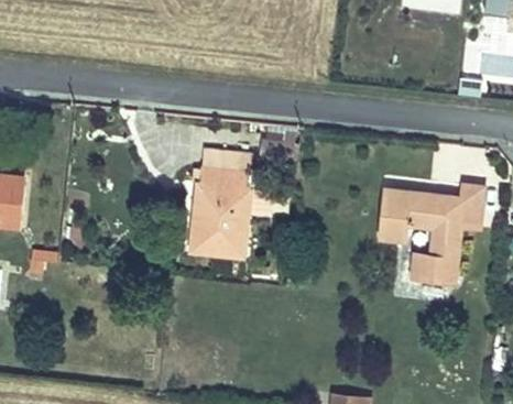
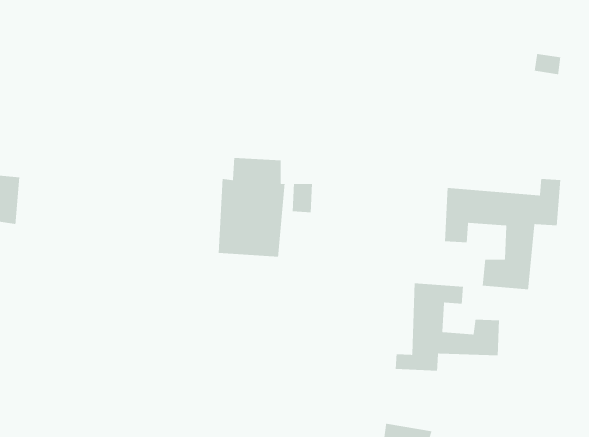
building: none -> [395,283,500,371]

